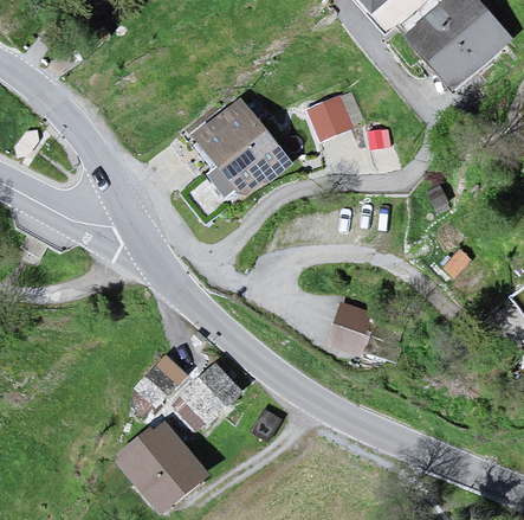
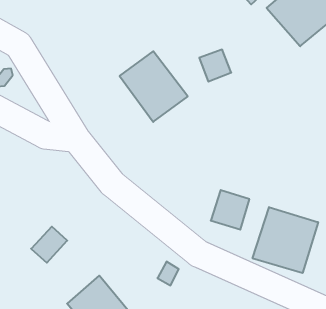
building: none -> [253,207,318,273]
building: [135,355,187,407] -> [31,227,67,263]
building: [181,362,244,424] -> none

